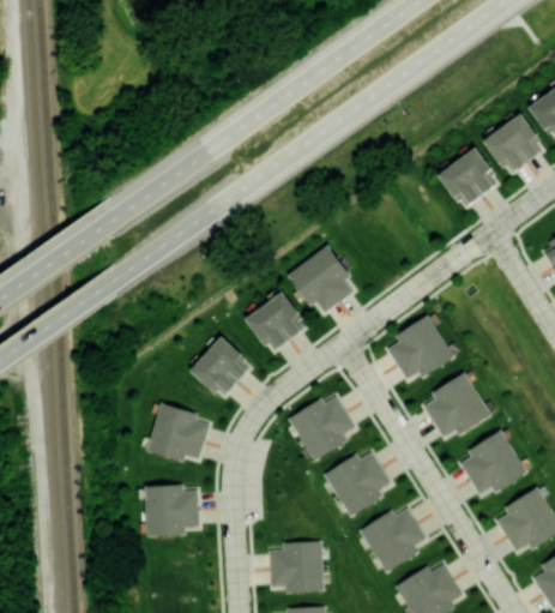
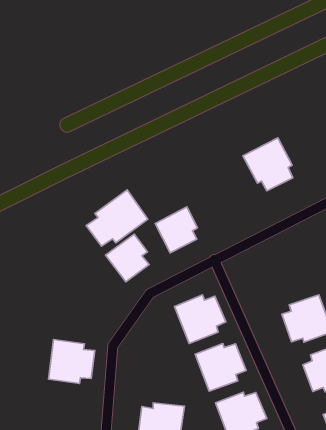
building: [286,245,354,313] -> [243,138,293,191]
building: none -> [86,190,148,246]
building: [387,314,454,380] -> none
building: [146,403,209,461] -> none

